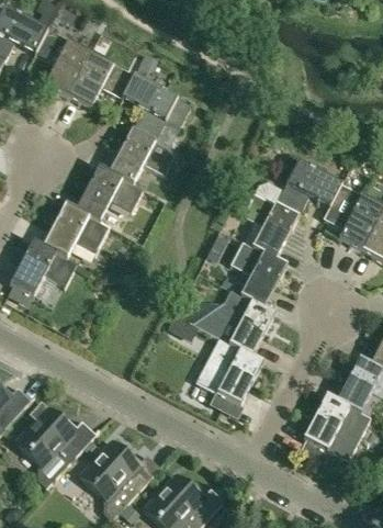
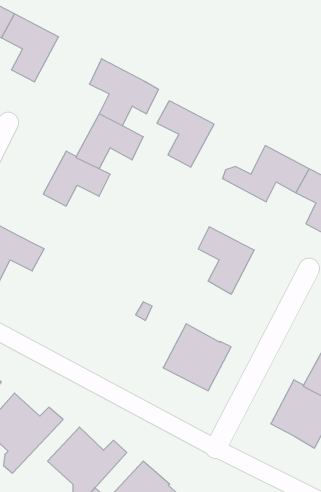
building: [67,52,134,110] -> none
building: [241,193,298,259] -> [157,101,214,167]
building: [43,203,110,258] -> none
building: [189,290,274,357] -> none

